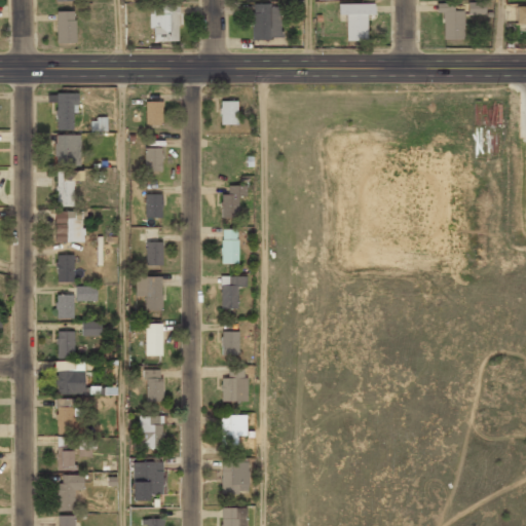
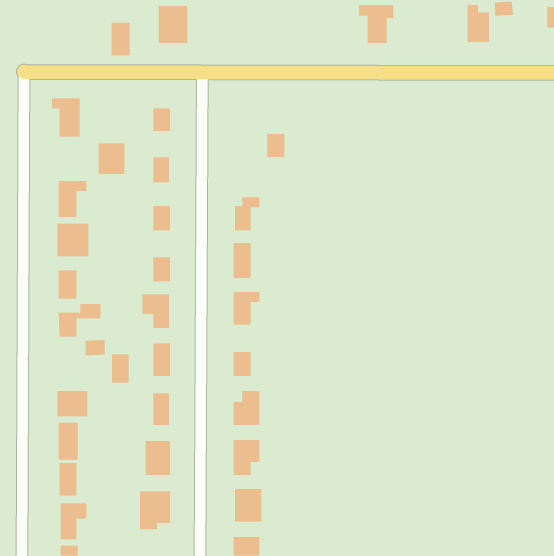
building: [253,5,281,40] -> none
building: [58,11,76,43] -> [111,22,130,56]
building: [222,102,239,124] -> [267,134,285,158]
building: [55,135,81,164] -> [98,143,125,174]
building: [58,331,75,359] -> [111,354,130,383]

